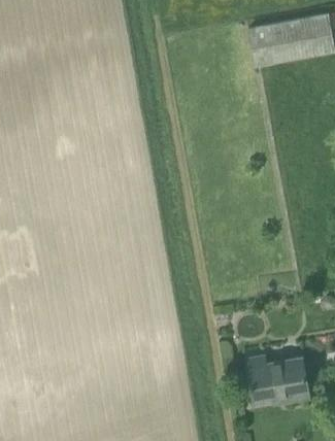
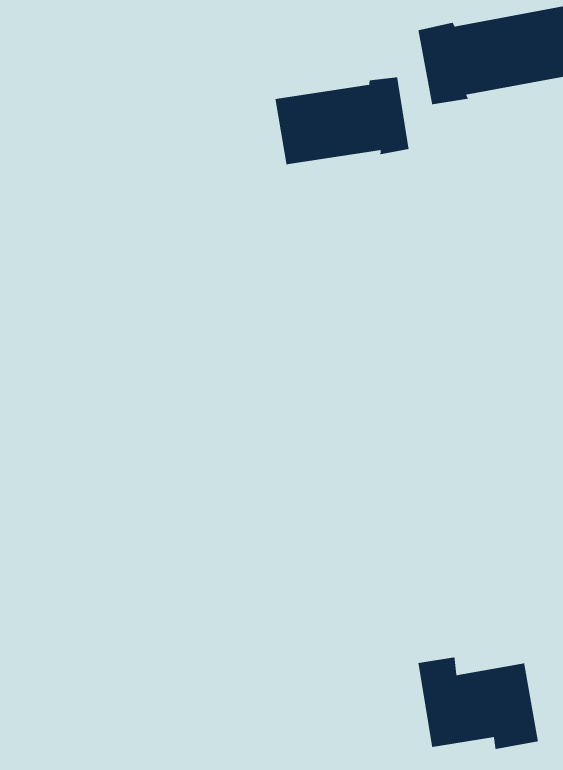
building: none -> [274,77,410,165]

